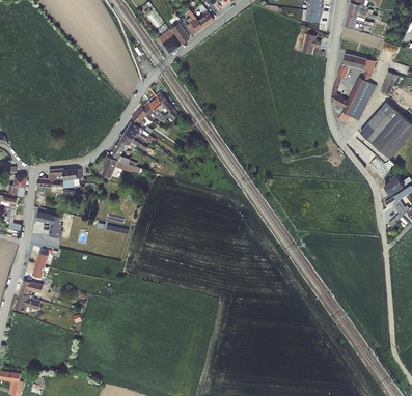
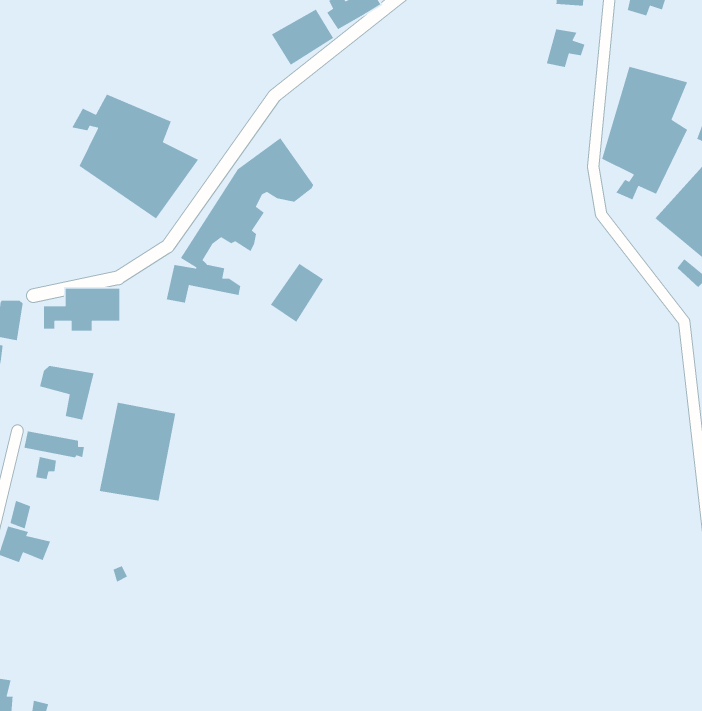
building: none -> [71,93,199,219]
building: none -> [270,263,324,323]
building: none -> [99,402,176,501]

